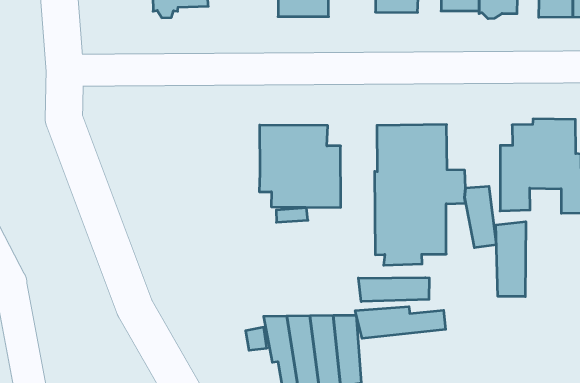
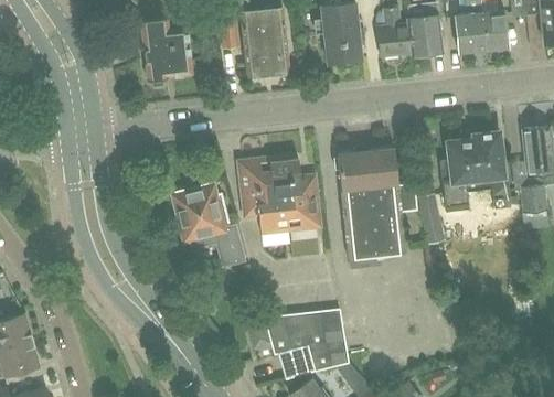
building: none -> [175,185,245,265]
building: [496,222,526,297] -> none
building: [358,278,429,302] -> none
building: [355,307,446,338] -> none

